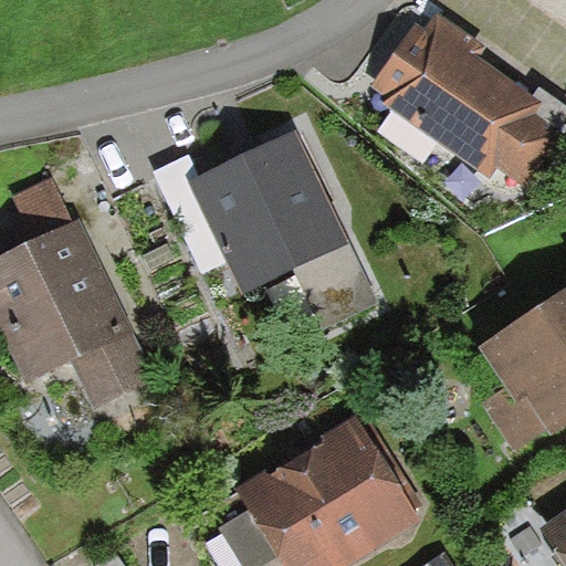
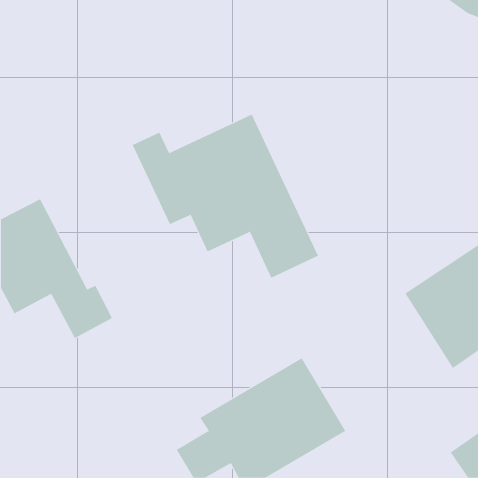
building: [374,13,560,181] -> none

